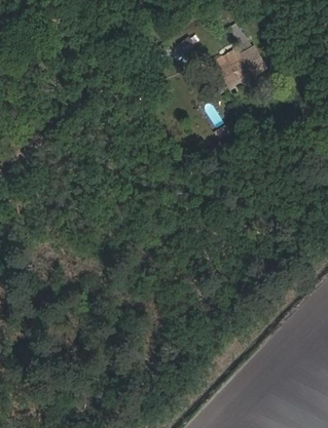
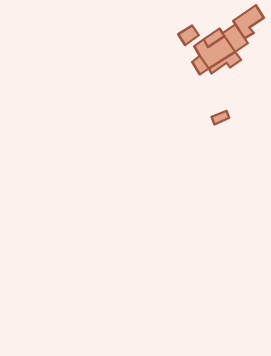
building: none -> [233,5,264,38]

